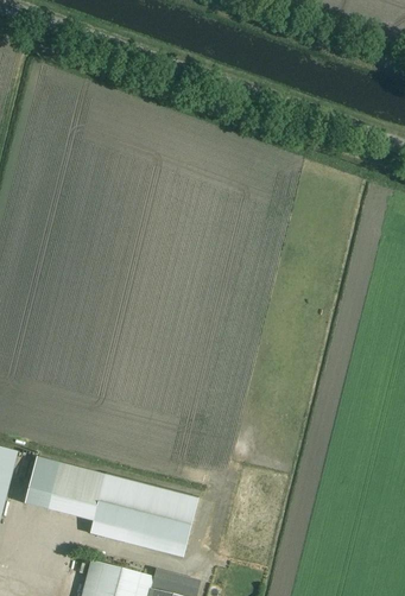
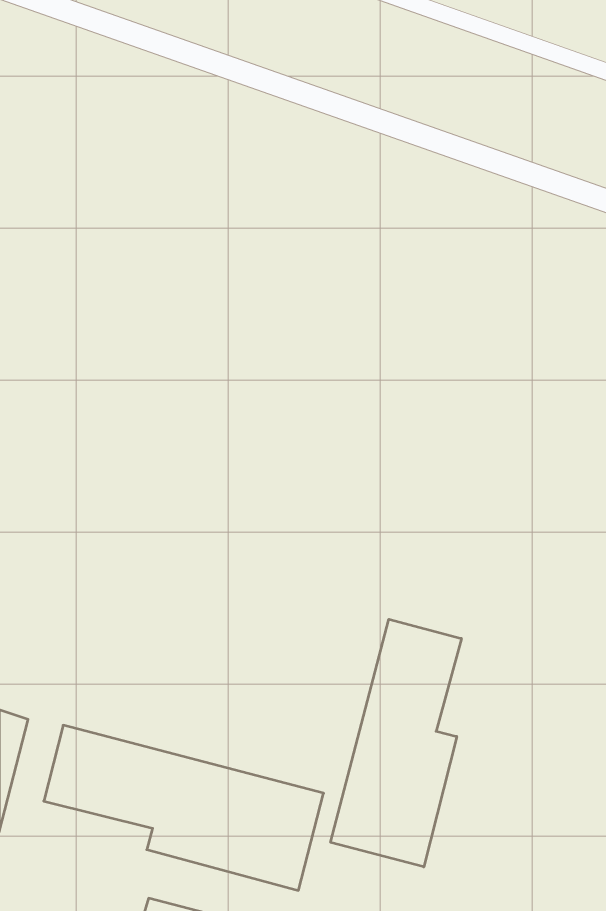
building: none -> [331,619,461,867]

